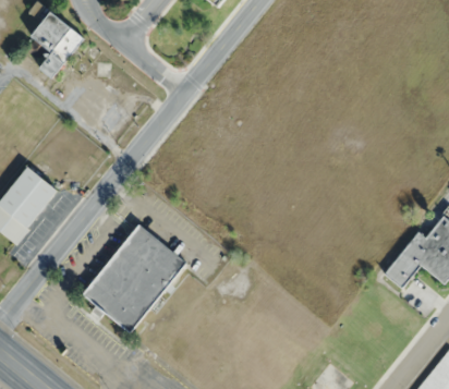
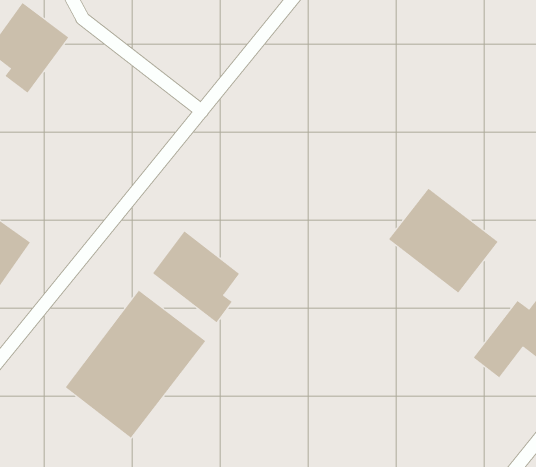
building: none -> [388,188,498,293]
building: none -> [152,230,240,323]

